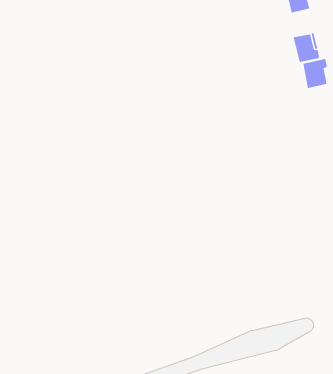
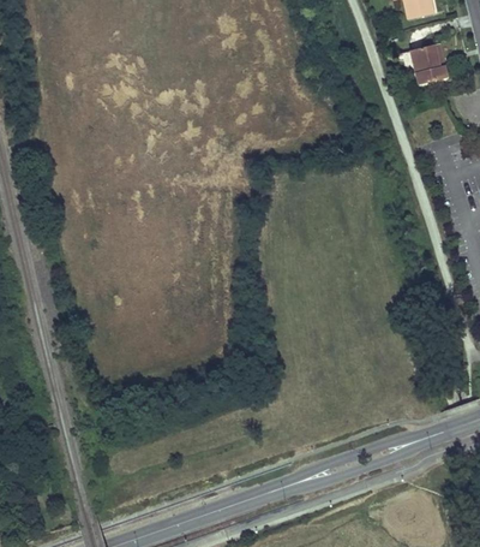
building: [303,58,328,89] -> none

